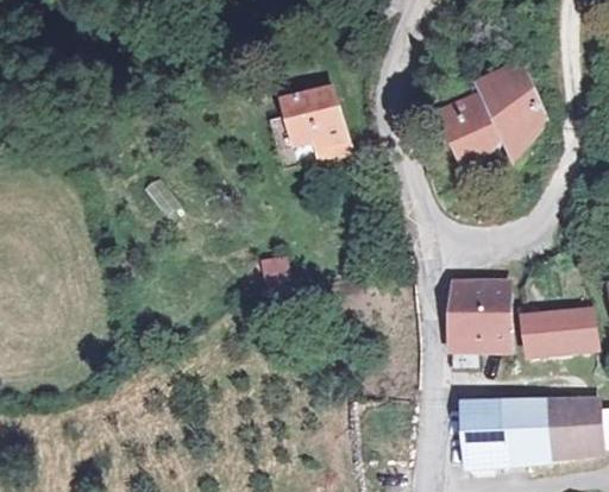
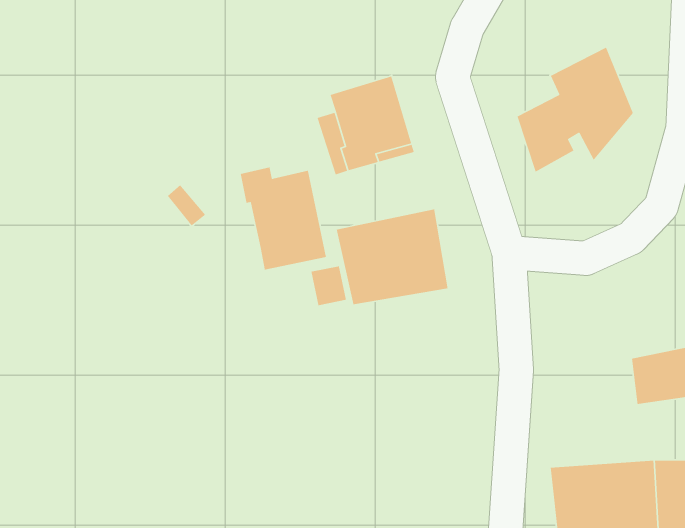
building: none -> [240,167,327,270]
building: none -> [336,209,448,305]
building: [452,282,514,354] -> none

